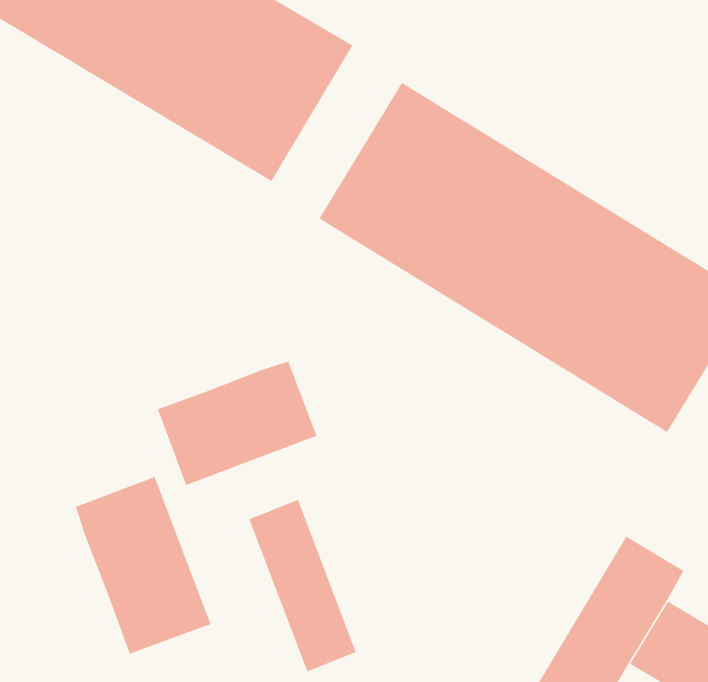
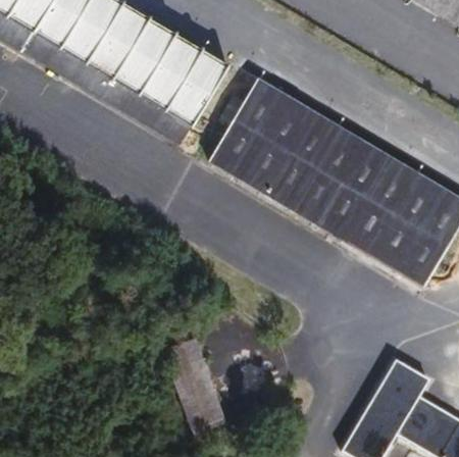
building: [157,361,317,486] -> none
building: [75,476,211,655] -> none

